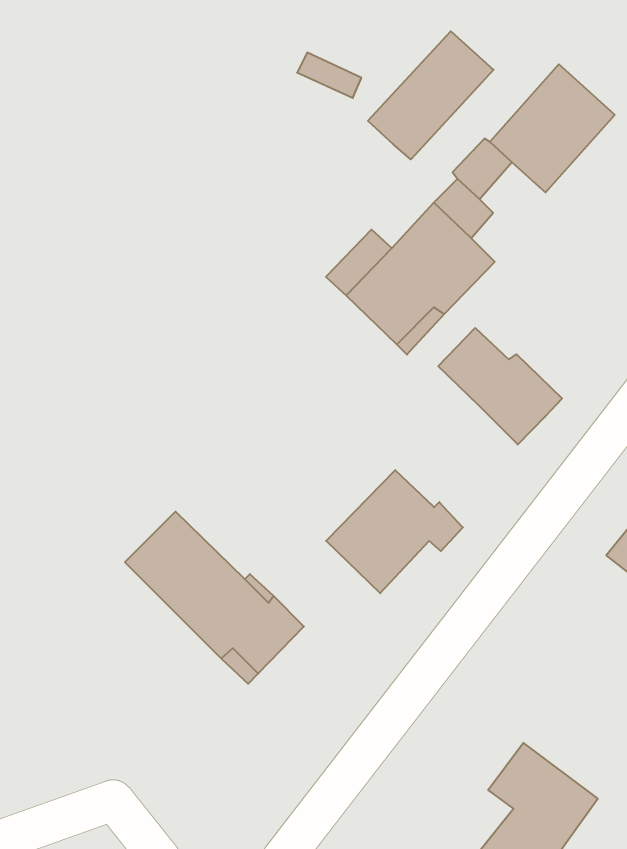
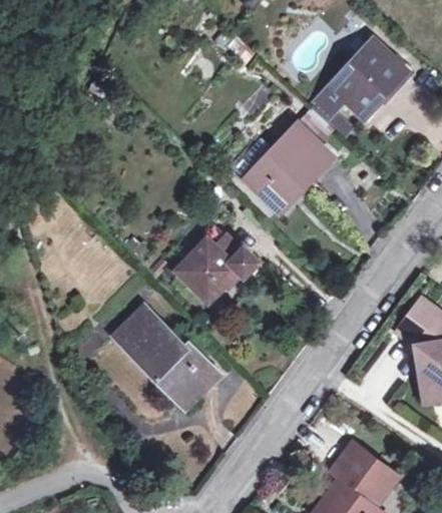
building: [368,31,494,159] -> none
building: [438,328,562,445] -> none
building: [326,470,463,593] -> [176,228,258,302]

